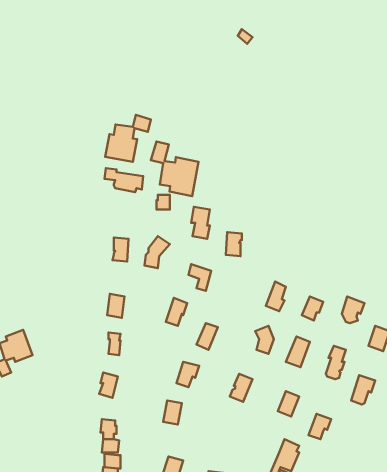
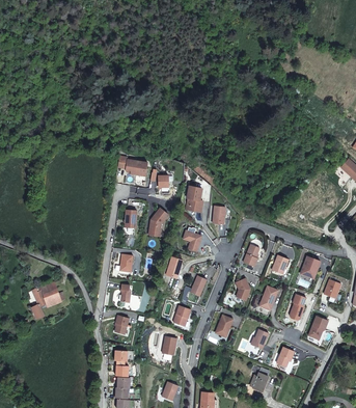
building: [105,115,151,162] -> none
building: [151,142,199,196] -> none

